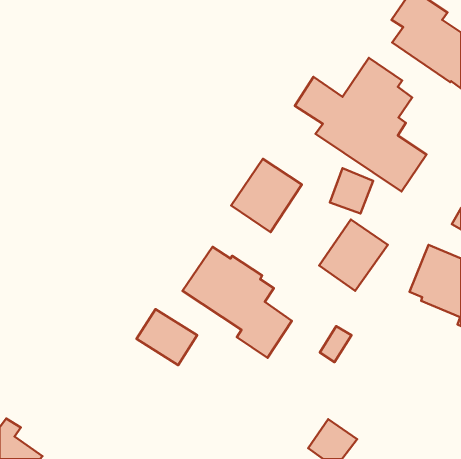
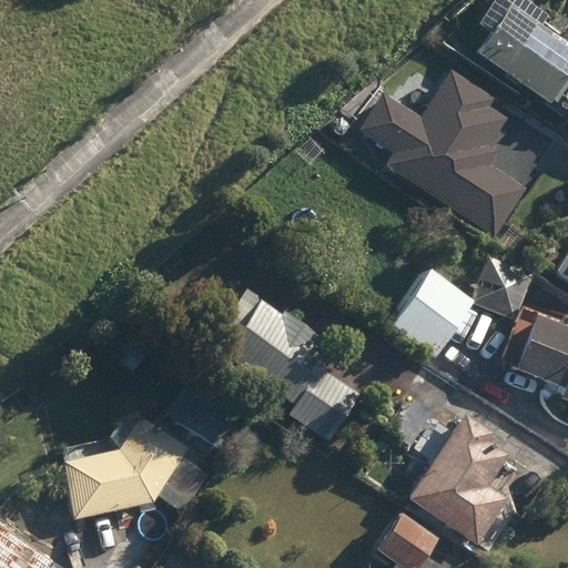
building: [231,159,302,232] -> none
building: [330,168,373,213] -> [475,261,528,316]
building: none -> [410,416,510,544]
building: none -> [64,417,206,518]

